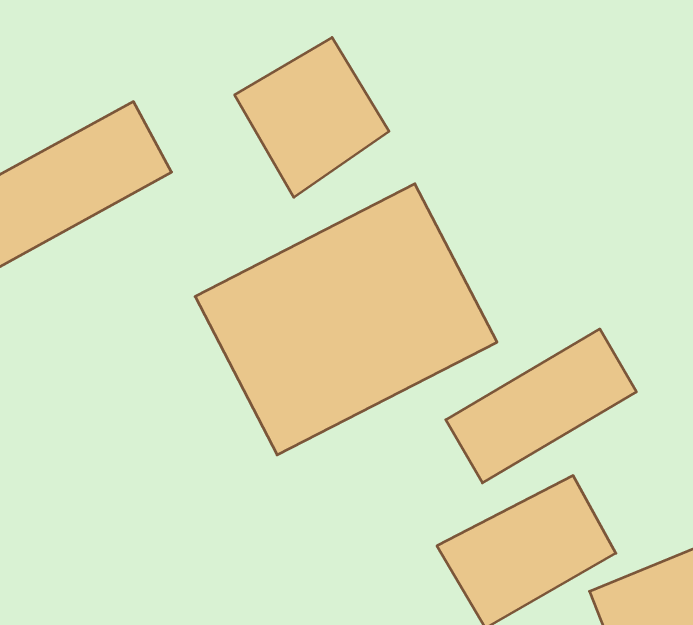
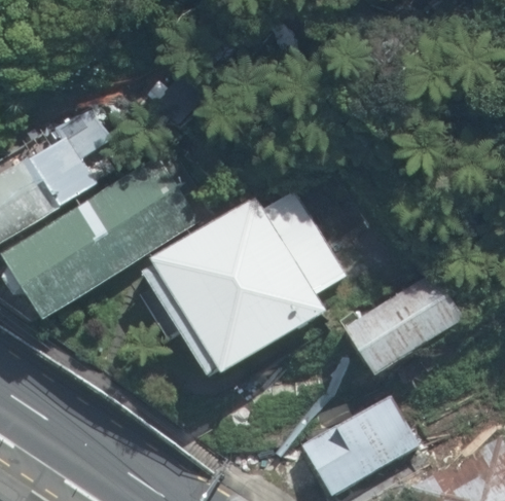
building: [235,37,389,197] -> none
building: none -> [16,148,225,308]

